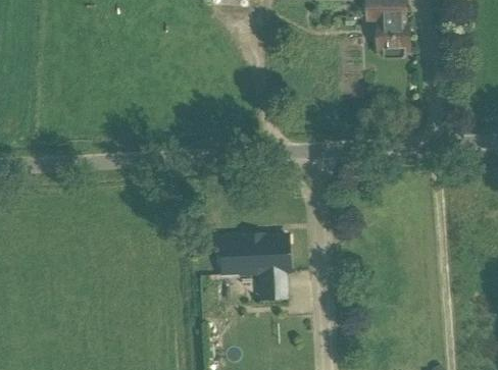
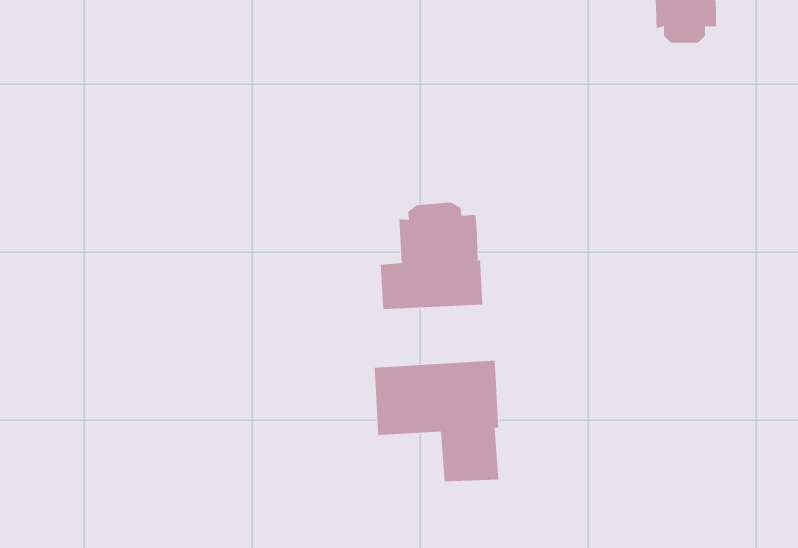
building: none -> [380,202,483,310]

